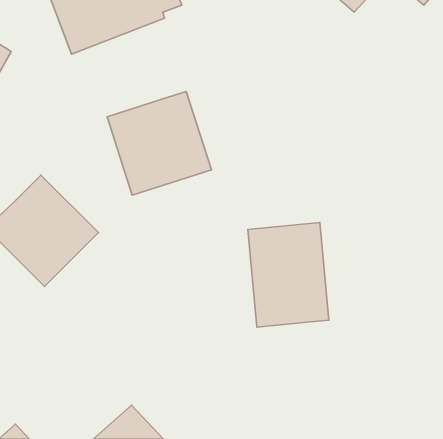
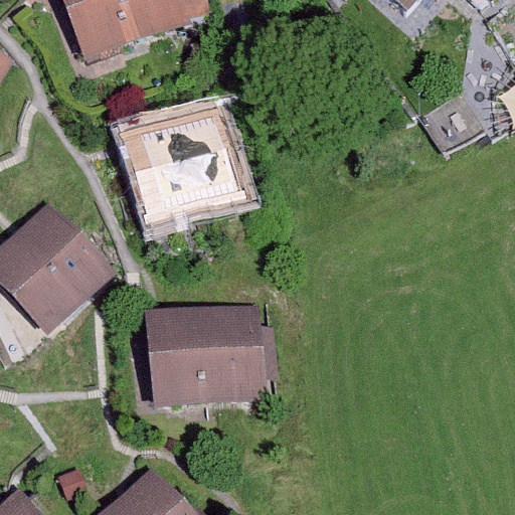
building: [248,223,329,327] -> none
building: none -> [145,303,267,407]

